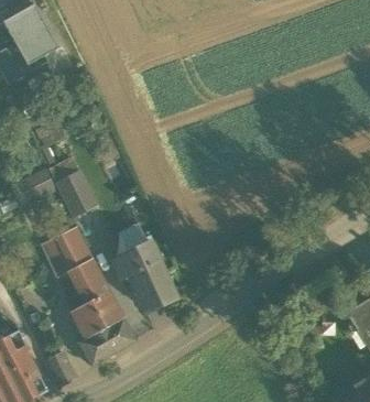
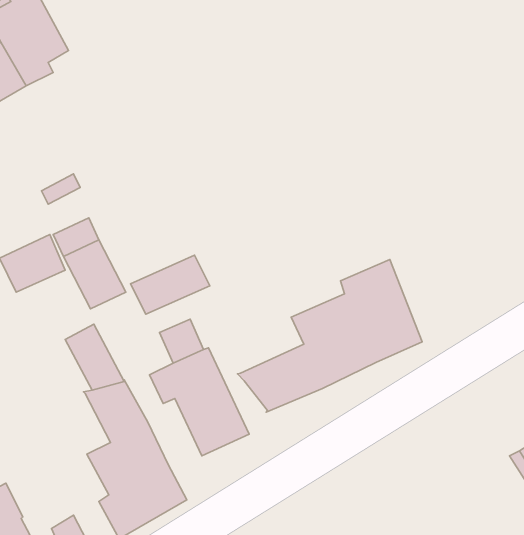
building: none -> [131,255,210,314]
building: none -> [238,259,422,412]
building: [41,236,74,278] -> none

